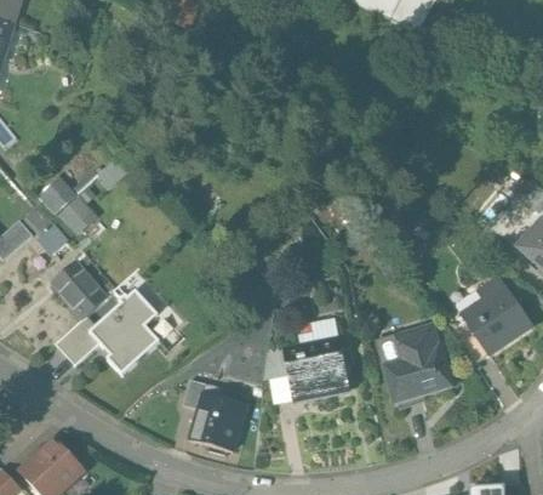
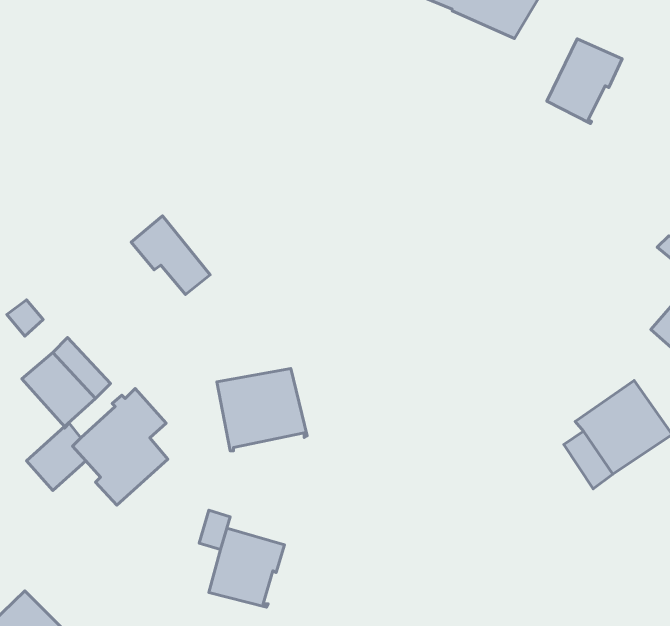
building: none -> [547,39,622,124]
building: [41,172,99,231] -> [131,216,210,295]
building: [384,325,452,403] -> none
building: [284,337,350,398] -> [217,369,307,451]

